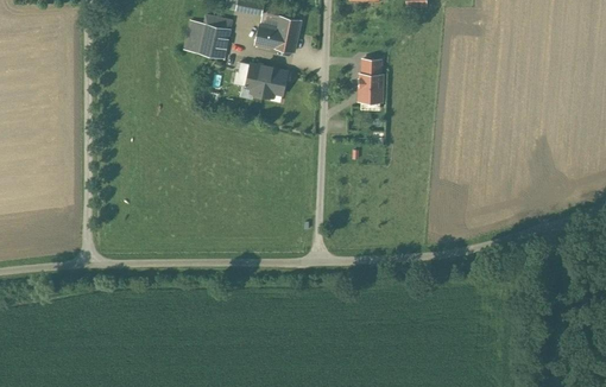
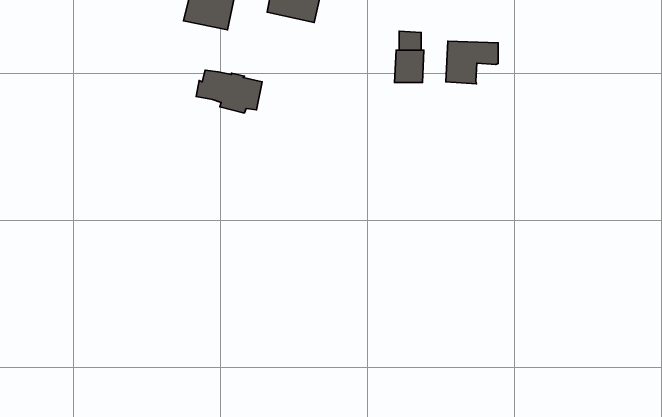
building: [232,63,285,97] -> [196,70,262,113]
building: none -> [446,41,498,84]

